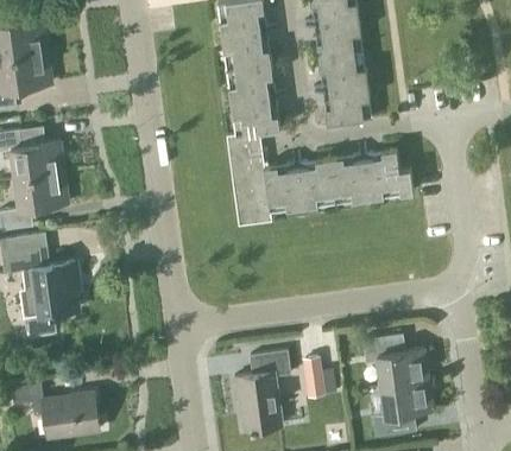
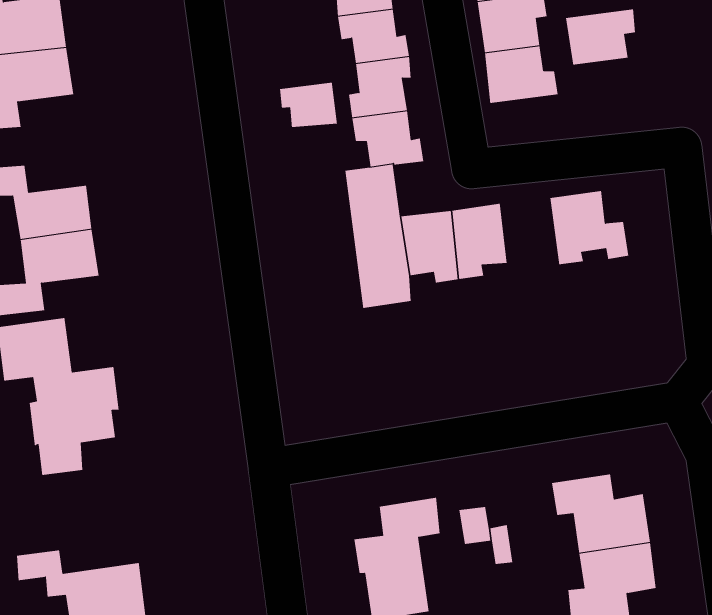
building: none -> [280,82,338,128]
building: [322,88,368,125] -> [565,9,636,65]
building: [329,155,367,202] -> none

